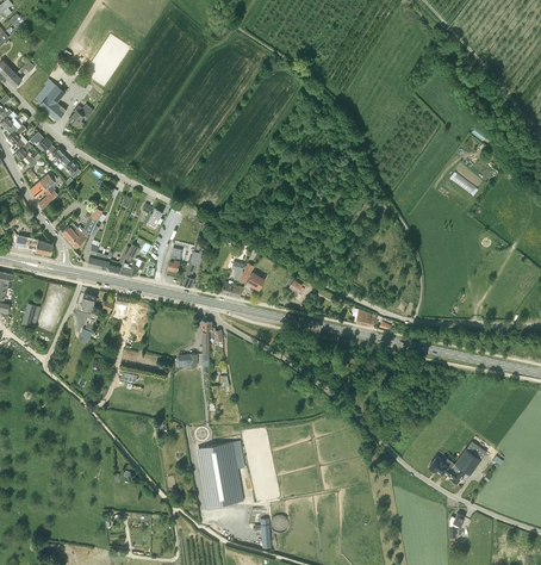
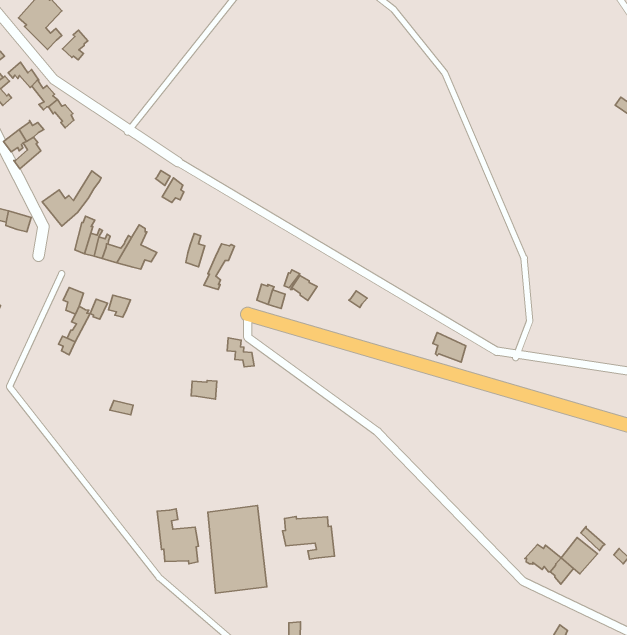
building: none -> [283,517,335,559]
building: none -> [157,509,198,564]

